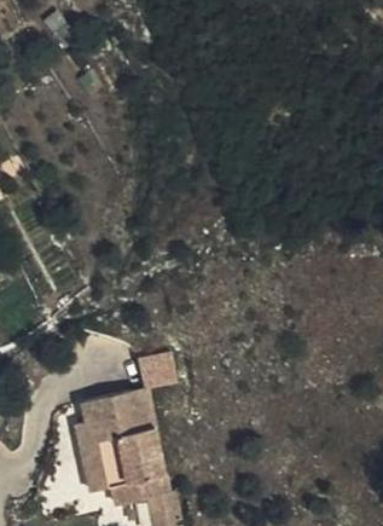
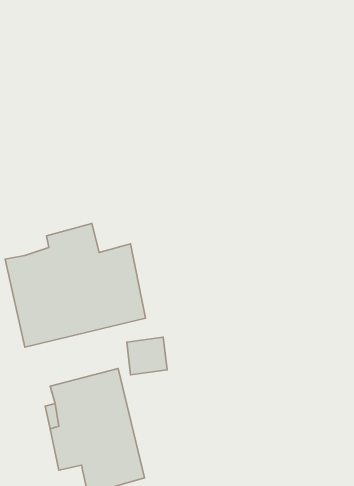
building: none -> [5,224,146,347]

